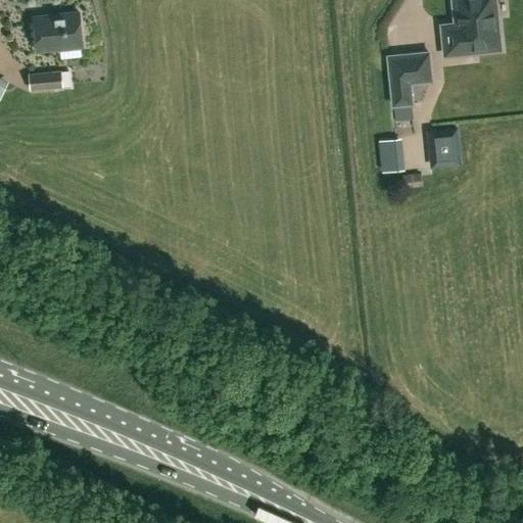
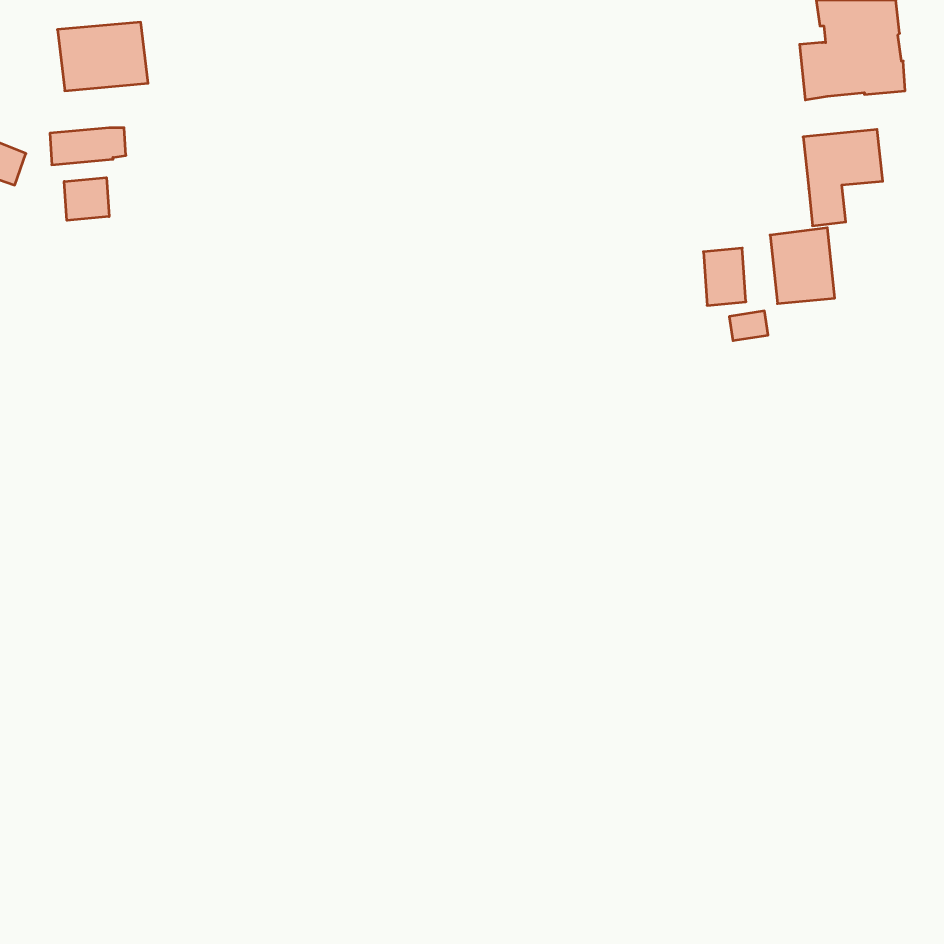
building: [387,53,431,106] -> [803,129,883,226]
building: none -> [64,178,109,220]

